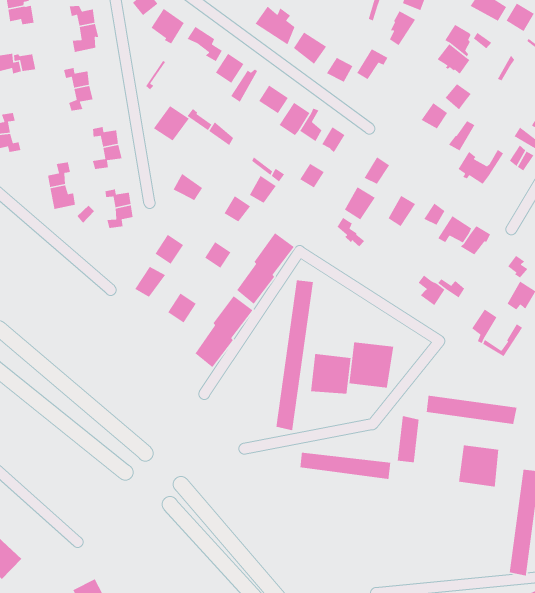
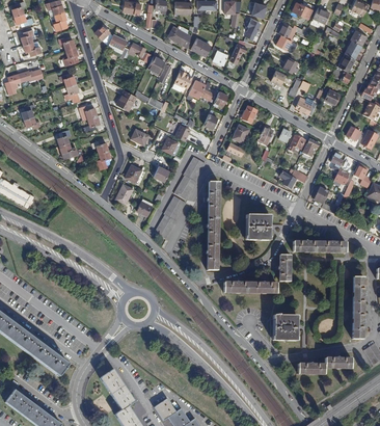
building: [310,353,352,394] -> none
building: [458,444,499,487] -> none
building: none -> [273,314,297,340]

